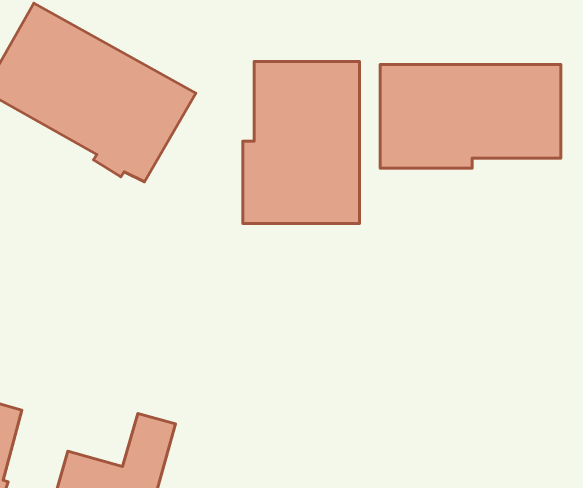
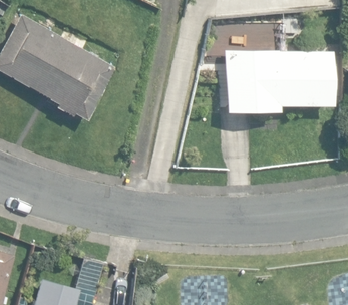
building: [243,62,359,224] -> none

